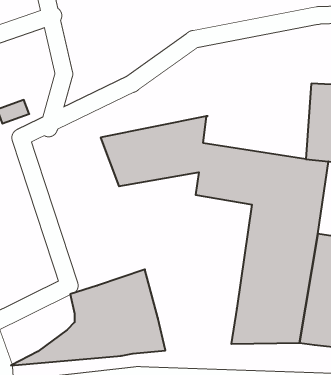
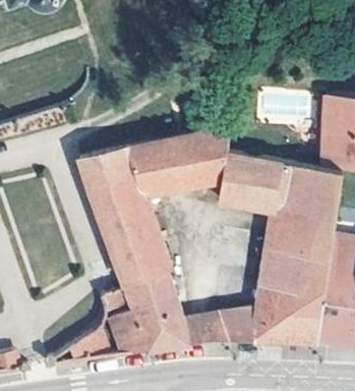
building: none -> [80,147,169,286]
building: none -> [181,308,255,347]

